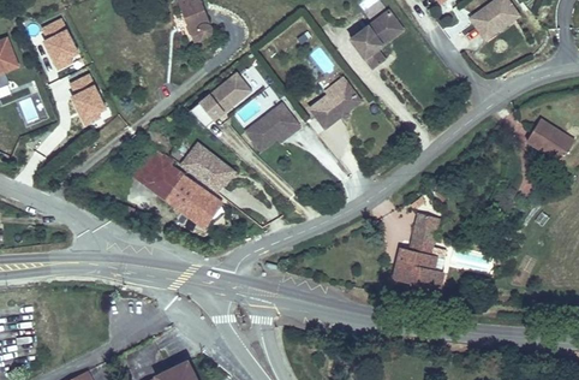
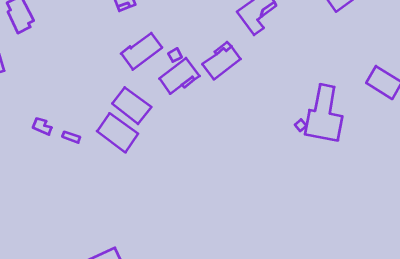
building: [71,73,106,124] -> none
building: [129,153,180,201] -> none
building: [387,212,437,287] -> [305,84,342,140]

